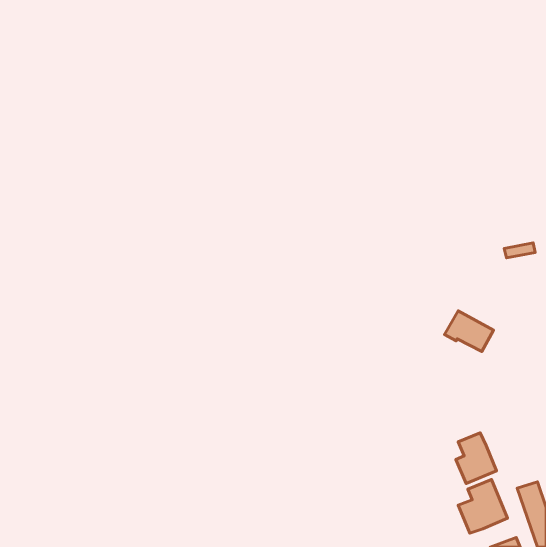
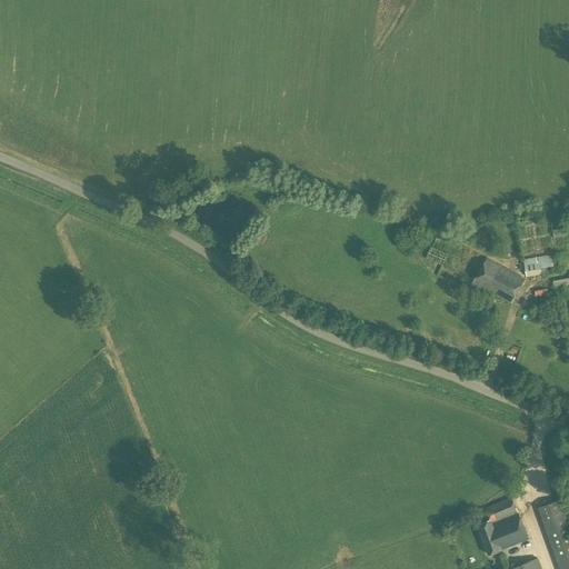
building: [444,311,494,352] -> [472,259,523,301]
building: [456,433,496,483] -> none

